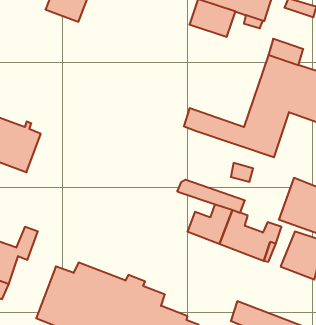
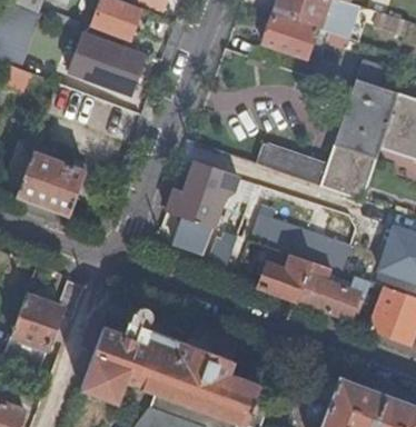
building: none -> [69,30,146,93]
building: none -> [167,143,270,240]

